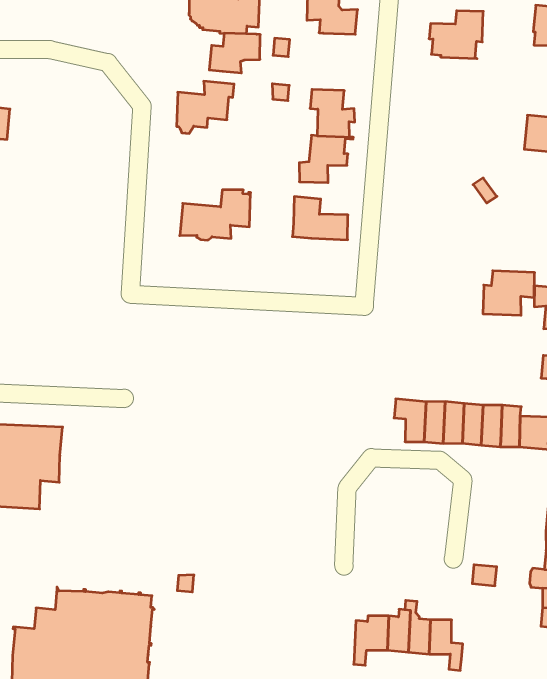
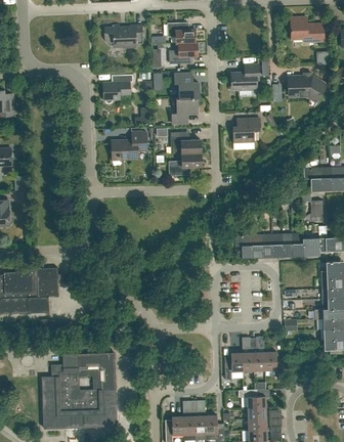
building: [429,11,483,59] -> [230,63,259,90]
building: [209,33,260,73] -> [171,42,198,63]
building: none -> [168,152,201,175]
building: [483,271,535,315] -> [232,118,260,142]

